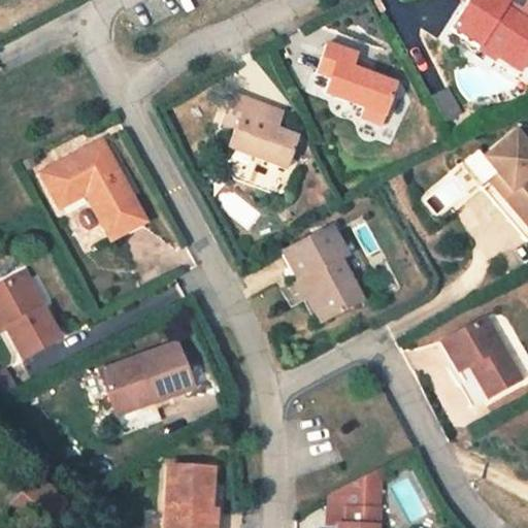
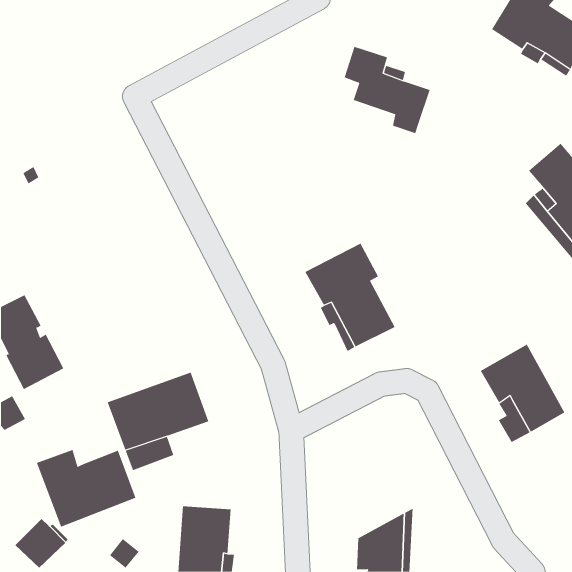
building: [222,93,299,167] -> none
building: [41,139,146,239] -> none
building: none -> [36,449,136,528]

